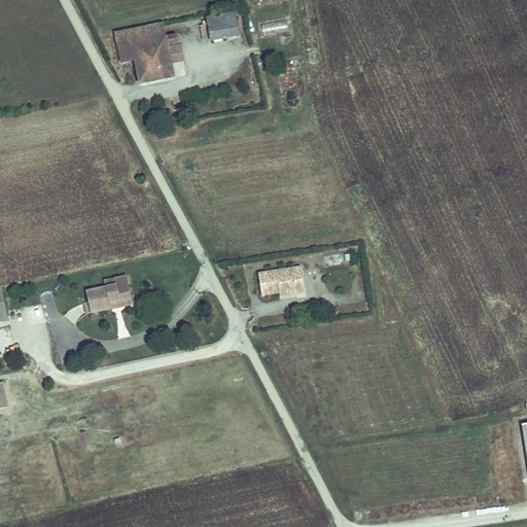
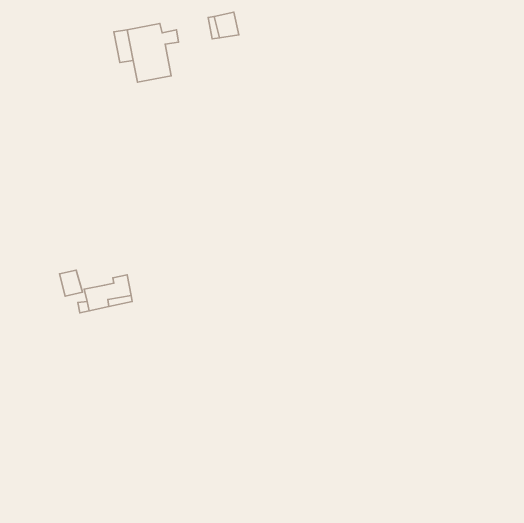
building: [257,265,306,293] -> none
building: none -> [59,270,82,296]

